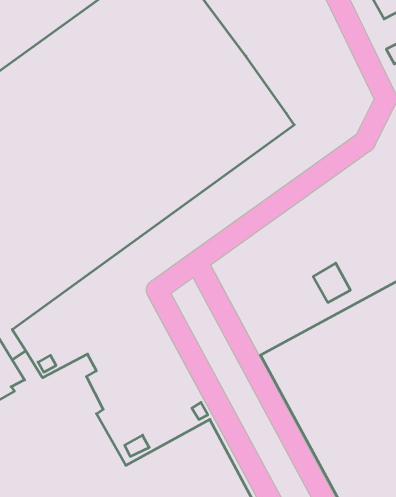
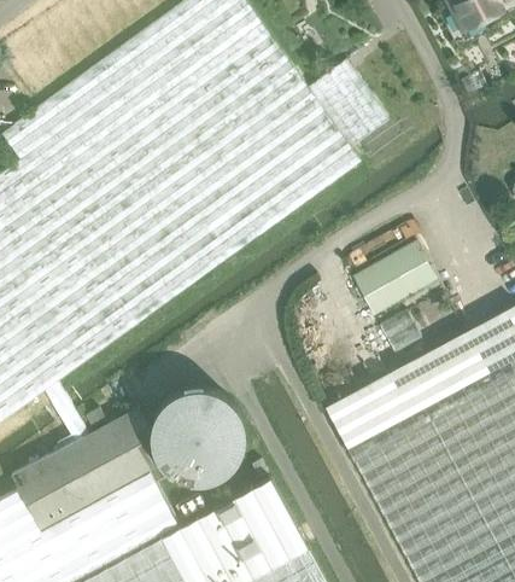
building: none -> [309,60,390,149]
building: none -> [352,240,437,316]
building: none -> [151,386,246,481]

